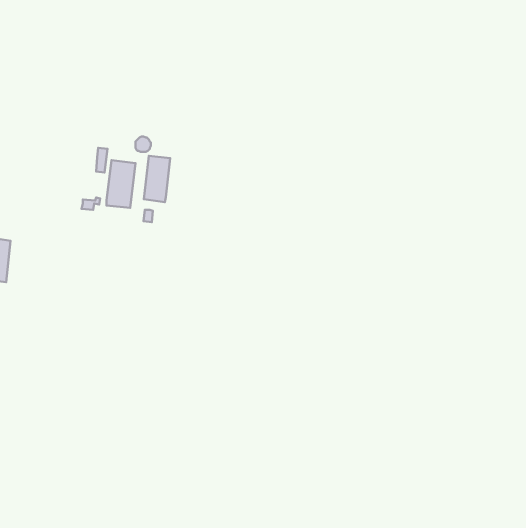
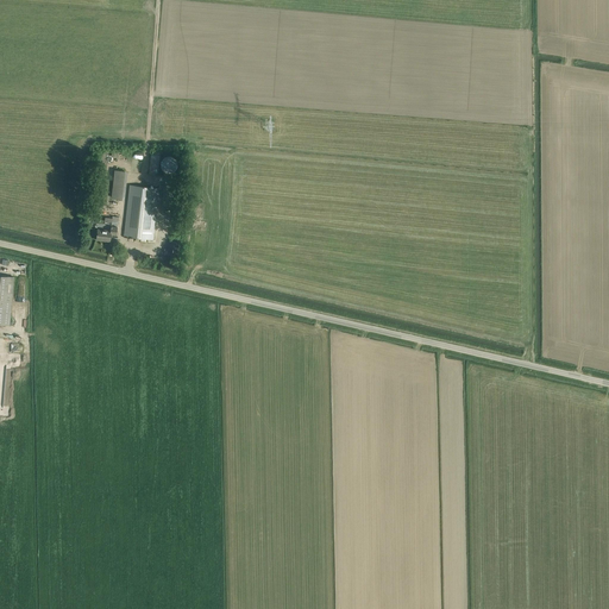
building: [144,156,170,202] -> none

